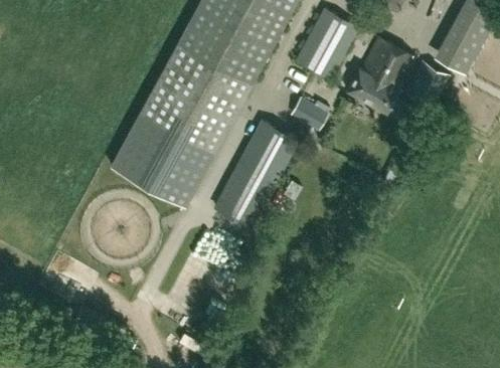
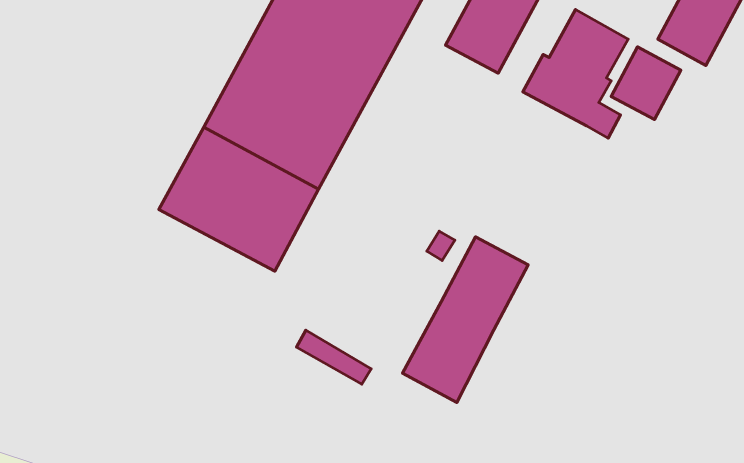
building: [291,100,327,131] -> none
building: [215,122,297,229] -> [403,237,528,403]

